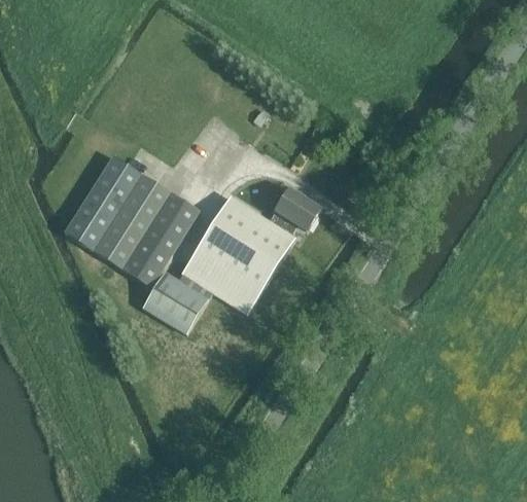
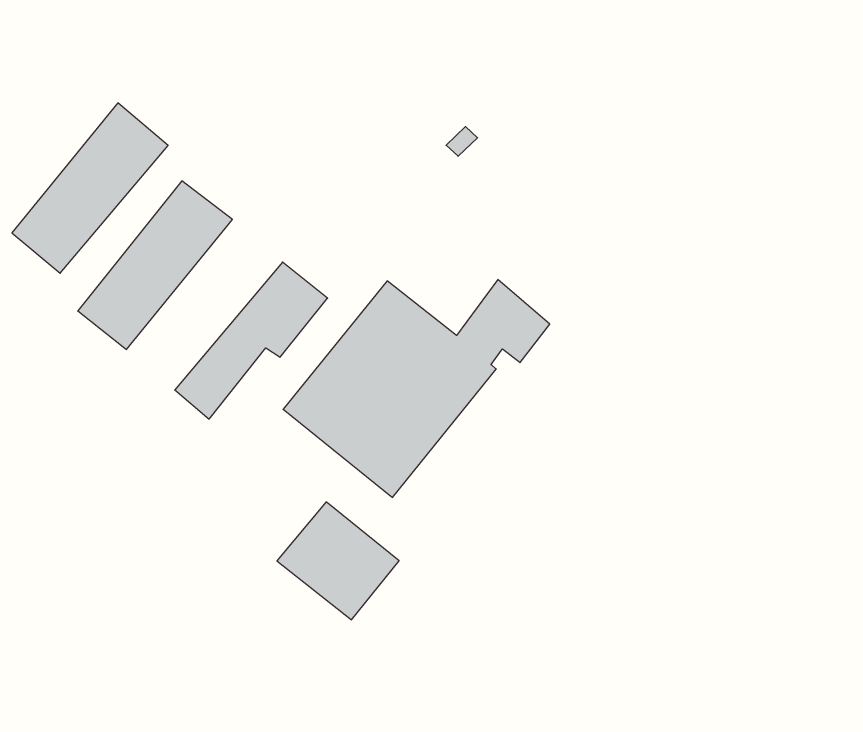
building: [94,174,172,270] -> [12,103,168,273]
building: [142,272,208,333] -> [277,502,399,620]

